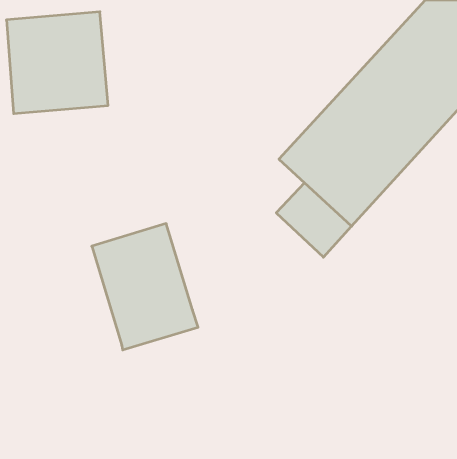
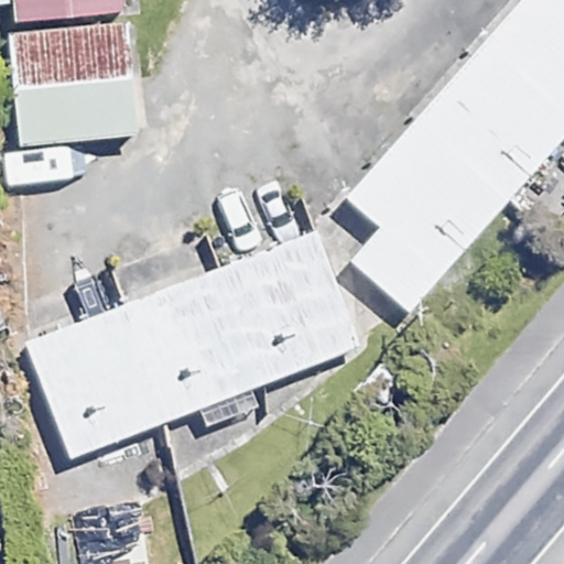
building: none -> [207,232,355,382]
building: none -> [13,293,156,456]

